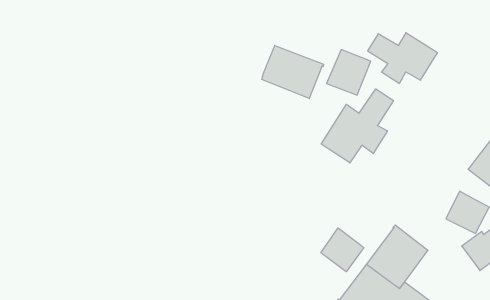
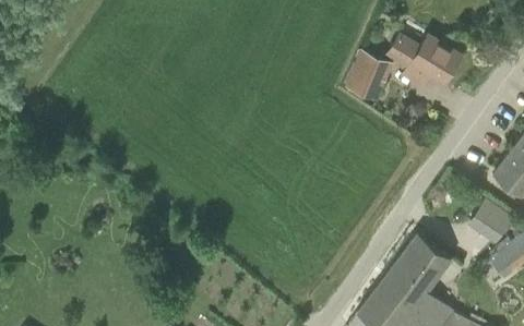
building: [262,45,323,99] -> none
building: [321,89,393,163] -> none
building: [321,228,364,272] -> none

